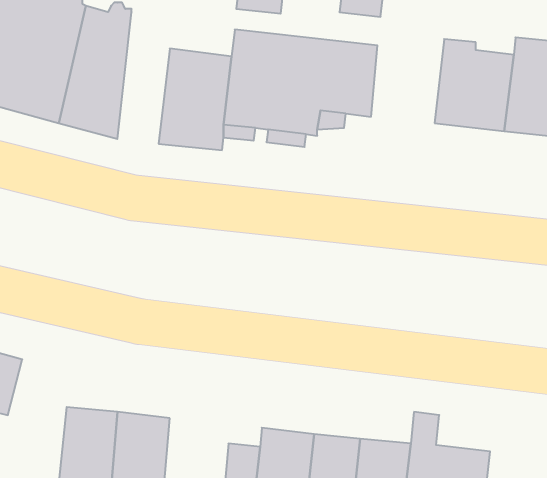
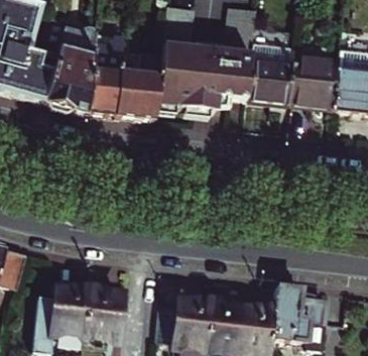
building: none -> [86,32,121,116]
building: none -> [247,43,293,103]

